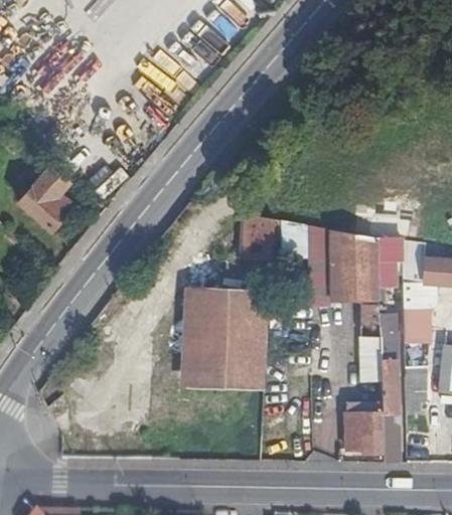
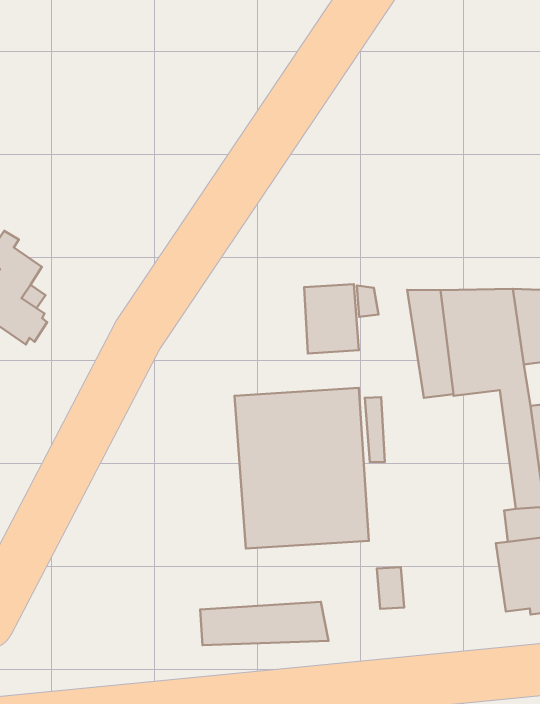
building: none -> [200,602,328,645]

